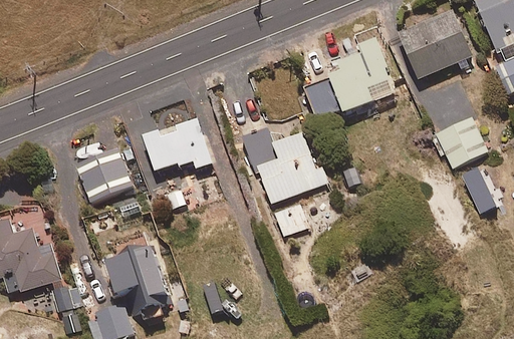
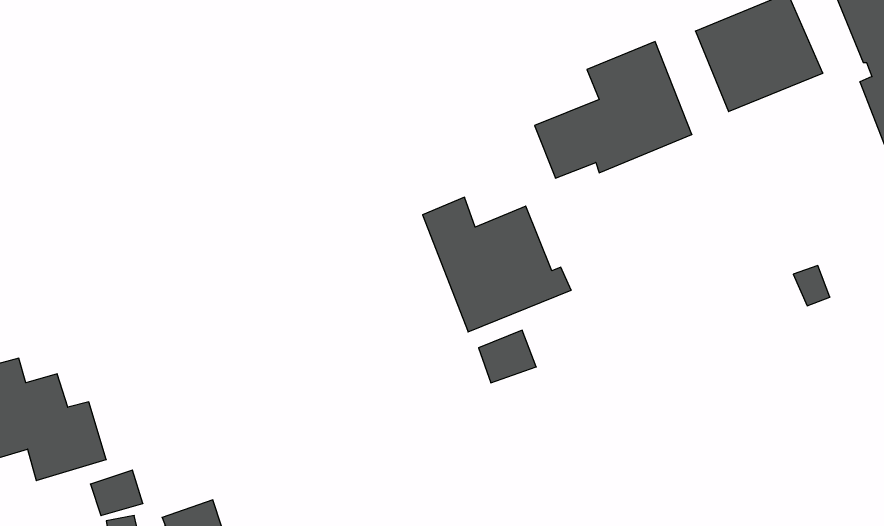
building: [438,117,488,166] -> none
building: [145,119,211,172] -> none
building: [76,147,132,200] -> none
building: [112,240,170,312] -> none

